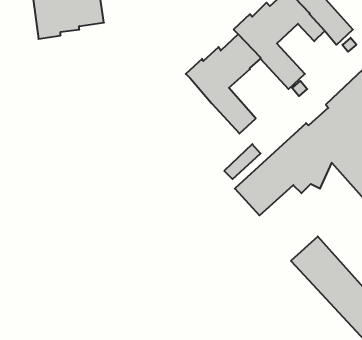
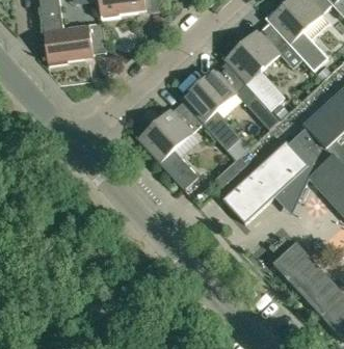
building: none -> [135,101,202,189]

